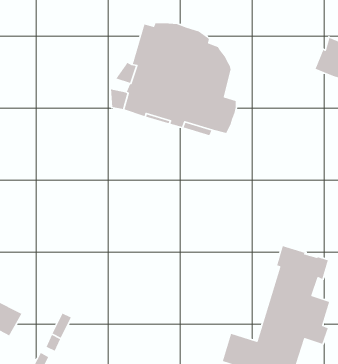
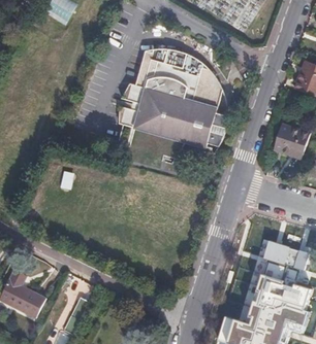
building: none -> [273,125,310,159]

